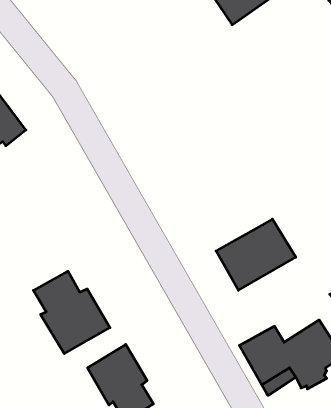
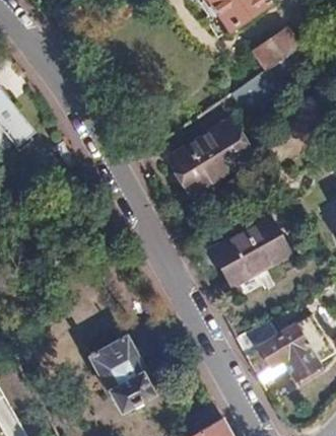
building: none -> [255,29,298,68]
building: none -> [171,119,252,193]
building: [33,271,110,354] -> none

